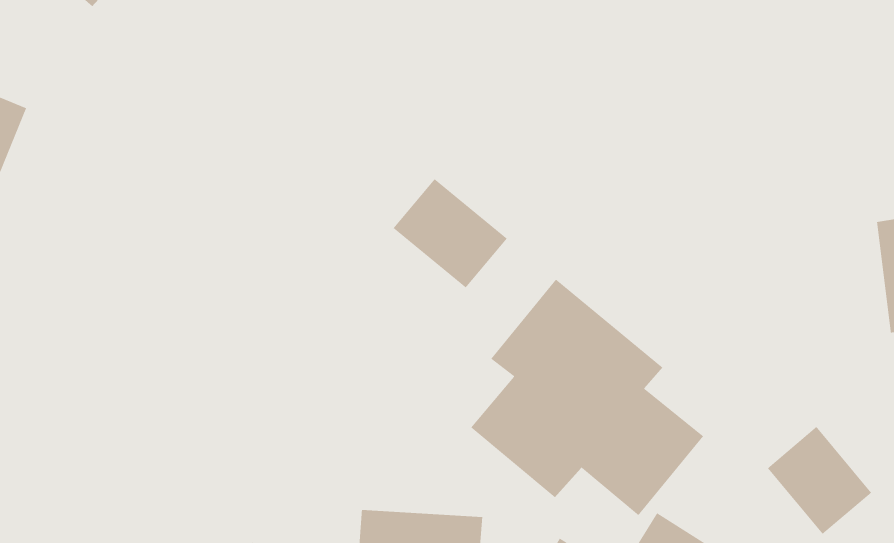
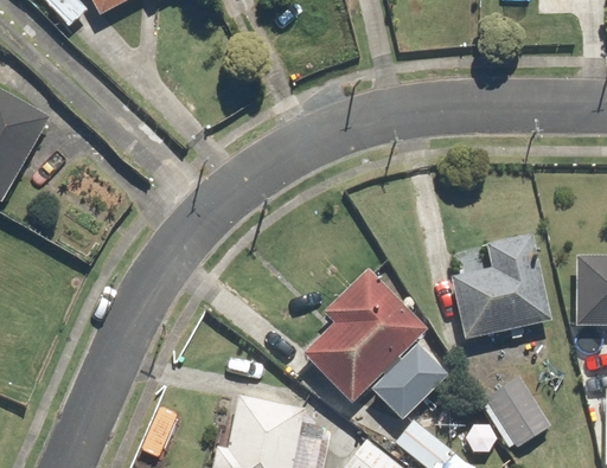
building: [393,178,508,289] -> none
building: none -> [454,231,552,338]

